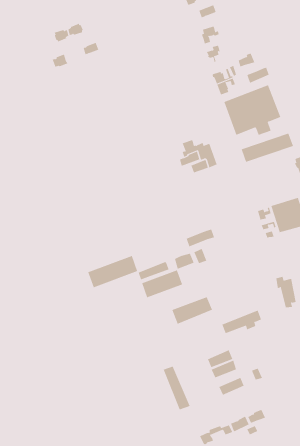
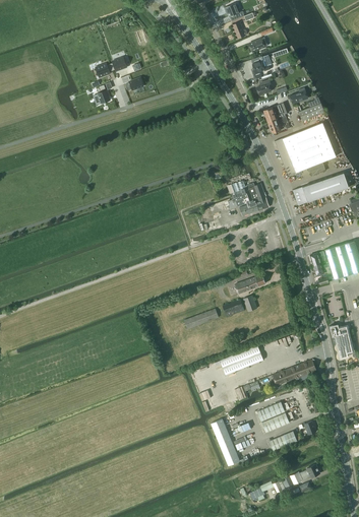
building: [88,255,138,288] -> none
building: [141,269,183,298] -> none

